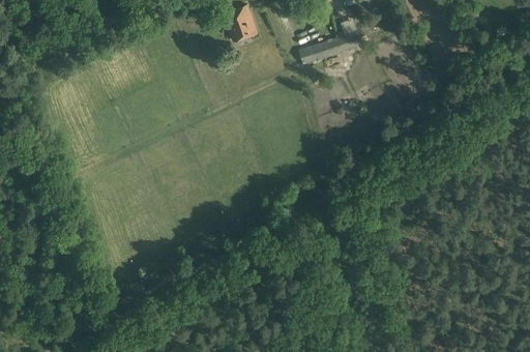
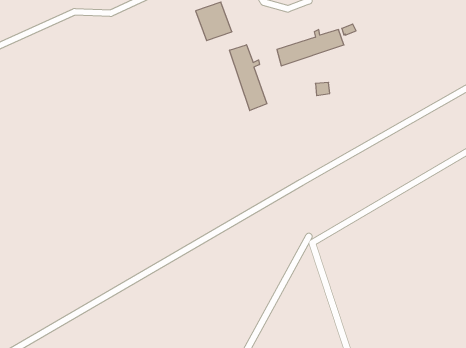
building: none -> [230,45,267,111]

